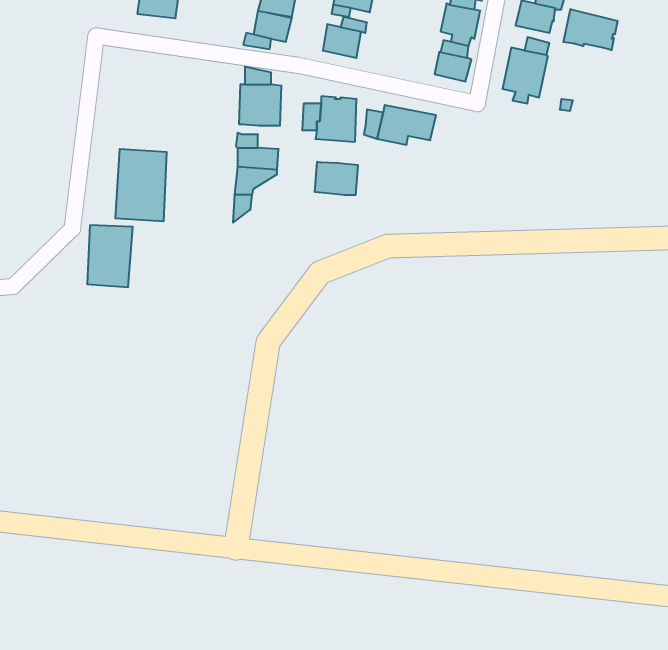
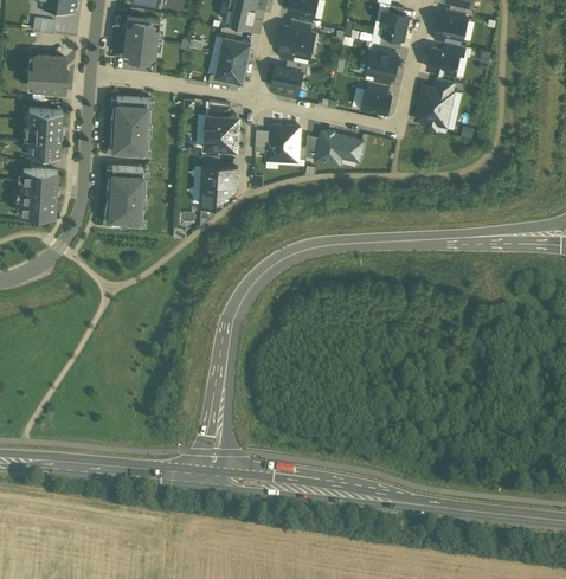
building: [563,9,617,50] -> none
building: none -> [27,58,70,92]
building: none -> [110,98,150,157]
building: none -> [26,109,62,157]
building: [315,162,358,195] -> none
building: [87,225,133,287] -> [22,171,59,220]

